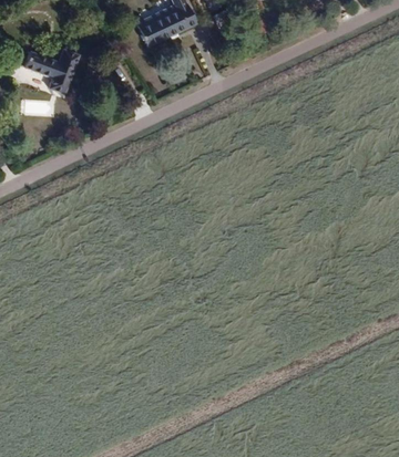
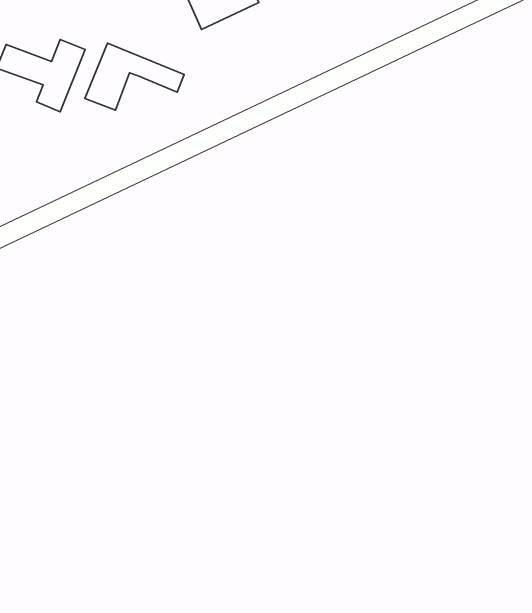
building: none -> [85,43,184,110]

